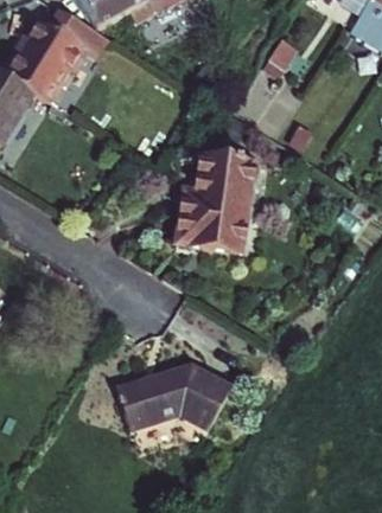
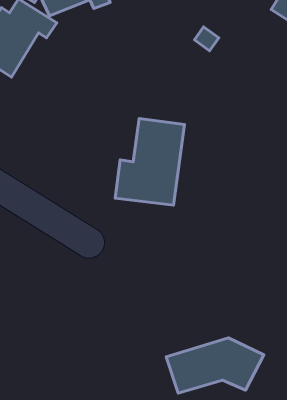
building: [114,361,229,427] -> [166,338,264,393]

